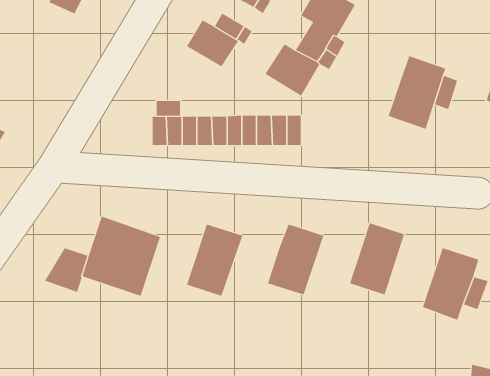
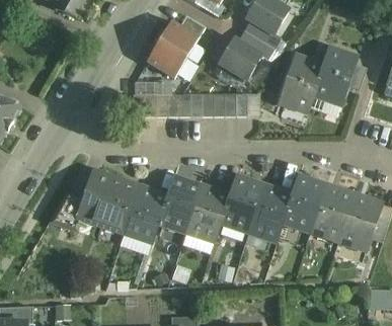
building: none -> [146,39,185,77]
building: none -> [279,54,322,110]
building: none -> [310,183,354,239]
building: none -> [185,184,229,240]
building: none -> [248,184,292,239]
building: none -> [124,185,167,240]

